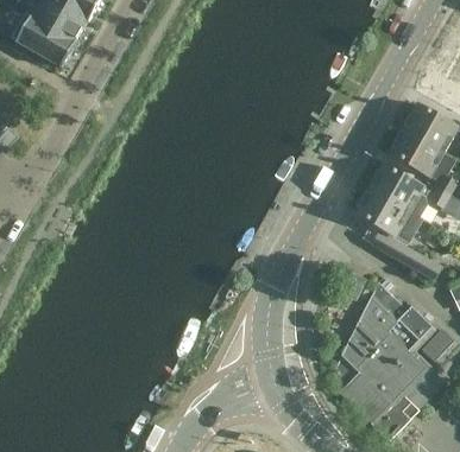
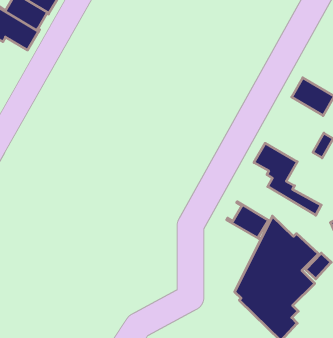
building: [389,128,443,176] -> none
building: [368,163,424,211] -> none
building: none -> [227,202,270,239]

